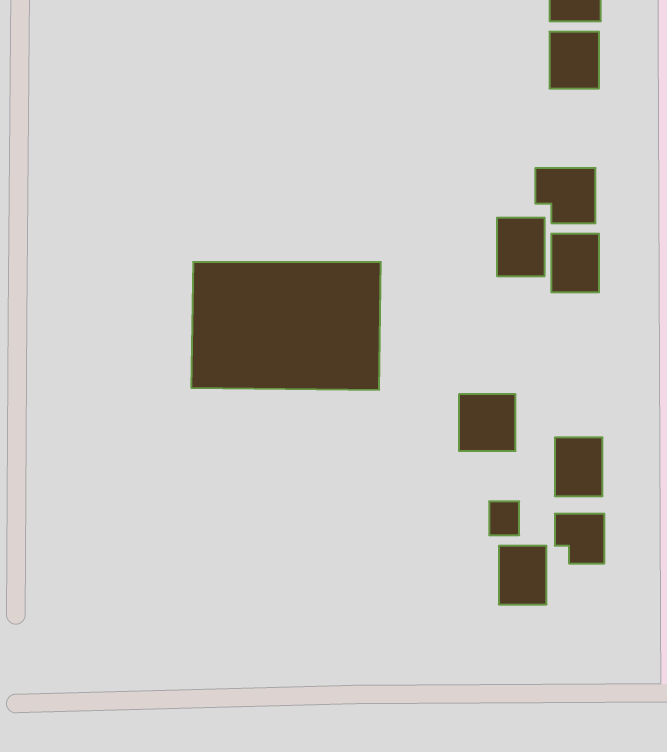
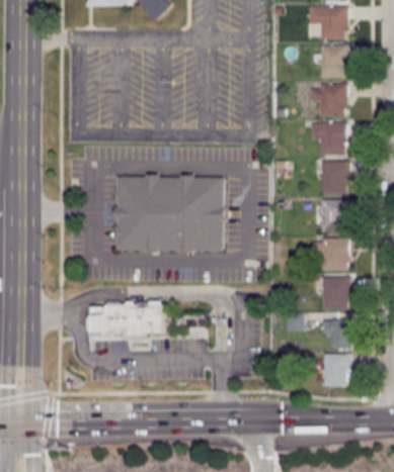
building: none -> [311,84,346,115]
building: [497,218,545,276] -> [320,198,347,231]
building: [459,394,516,451] -> [317,238,349,270]
building: none -> [88,298,164,336]
building: [499,546,547,604] -> [324,353,351,386]

